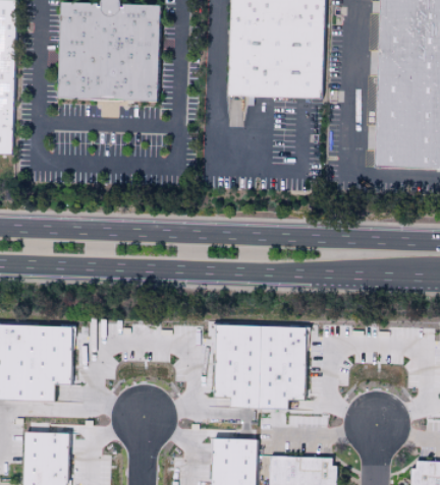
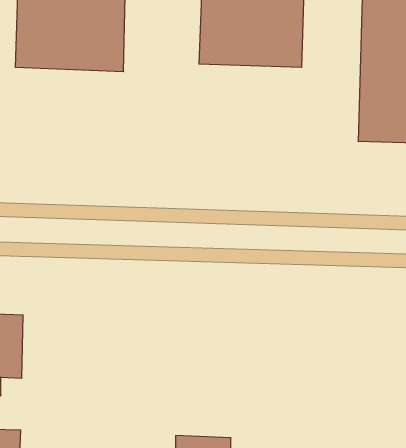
building: [218,324,305,409] -> none

